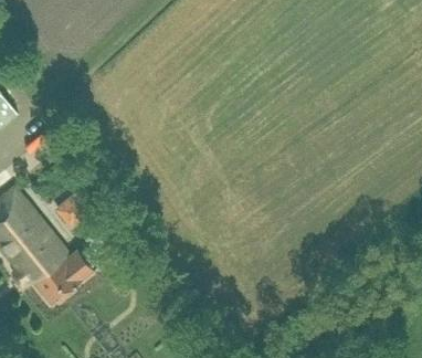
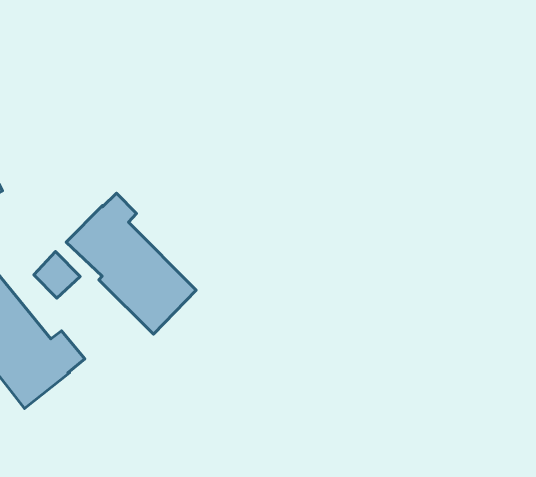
building: none -> [66,193,196,334]

